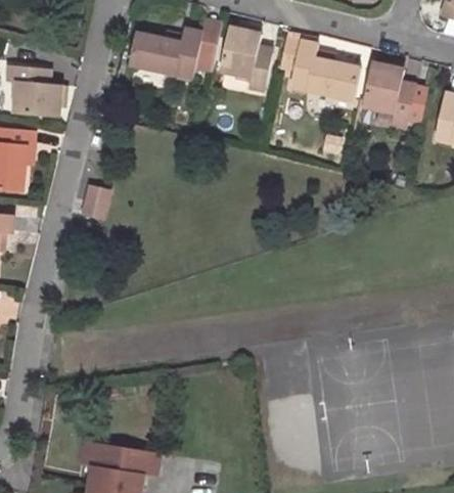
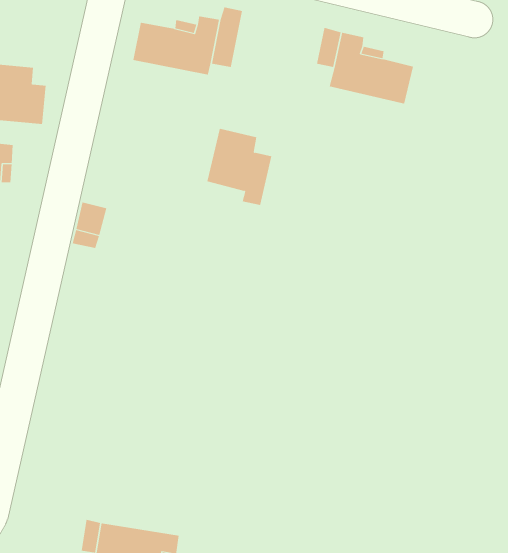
building: [216,27,269,89] -> [206,128,272,205]
building: [361,61,412,125] -> none

